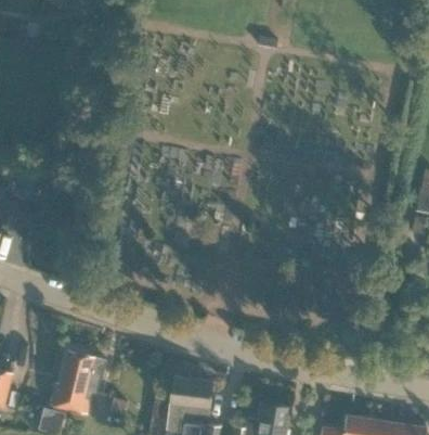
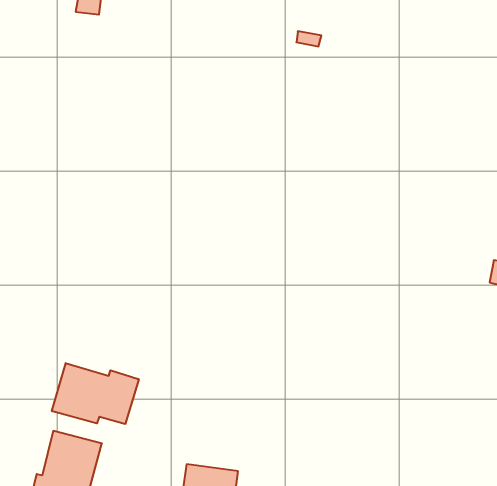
building: none -> [52,363,139,424]

